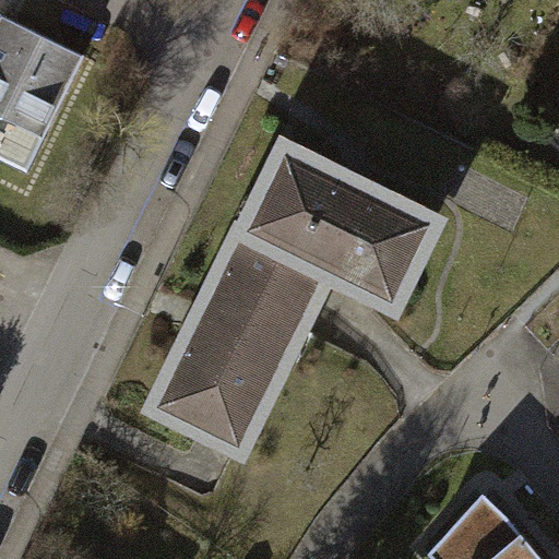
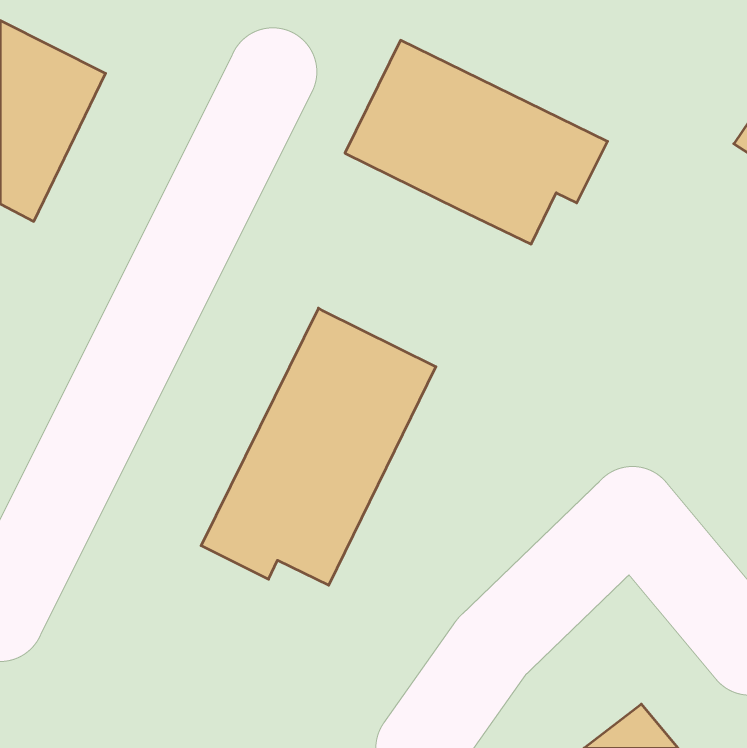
building: [242,147,438,299] -> [345,40,608,244]

